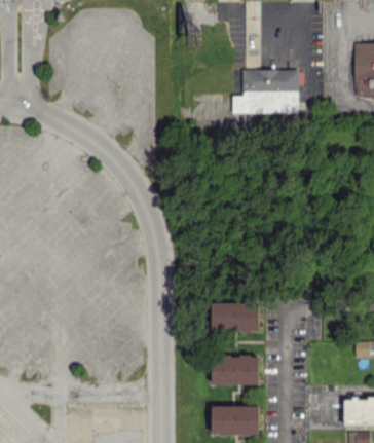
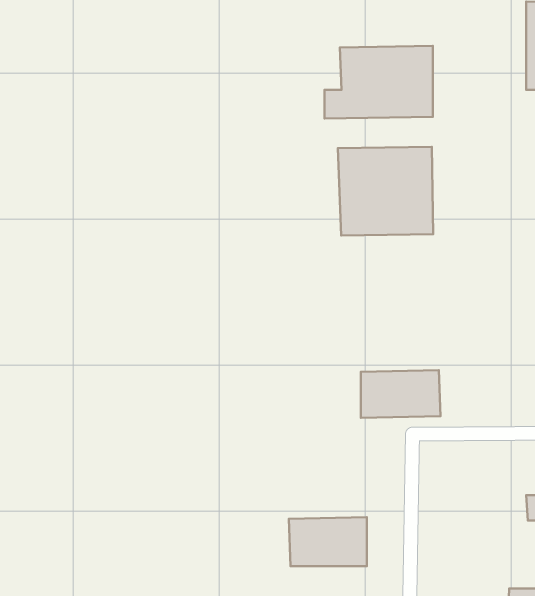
building: none -> [338,147,433,236]
building: [211,303,259,332] -> [361,370,441,418]

